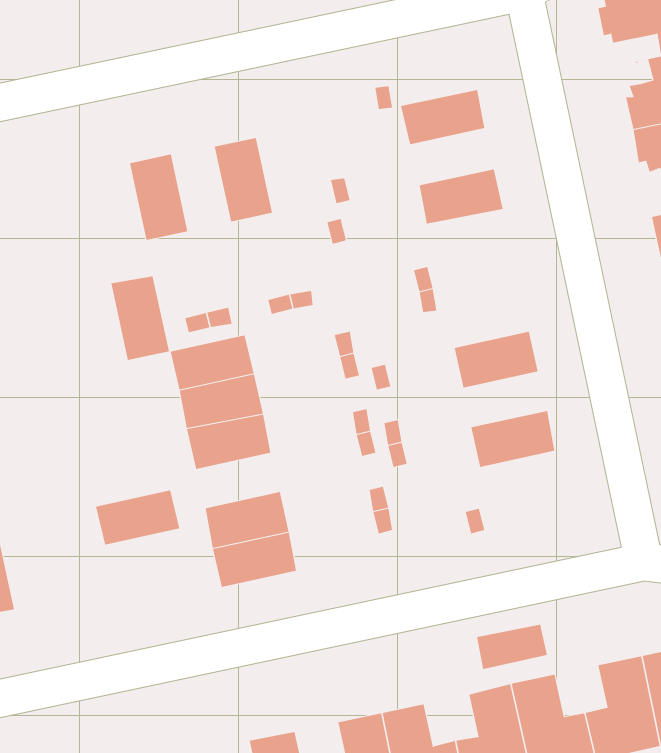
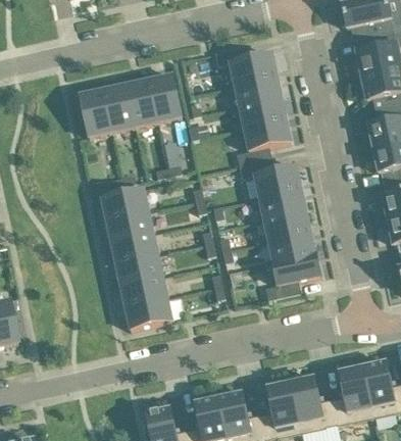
building: none -> [150,74,182,120]
building: none -> [235,74,282,105]
building: none -> [244,118,291,149]
building: [111,276,170,361] -> [103,84,136,131]
building: none -> [254,164,301,195]
building: none -> [264,208,311,239]
building: none -> [273,252,320,283]
building: [95,490,180,545] -> [116,253,163,284]
building: [476,624,548,670] -> none

